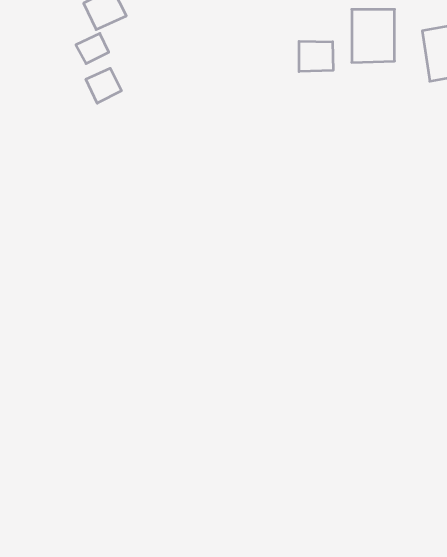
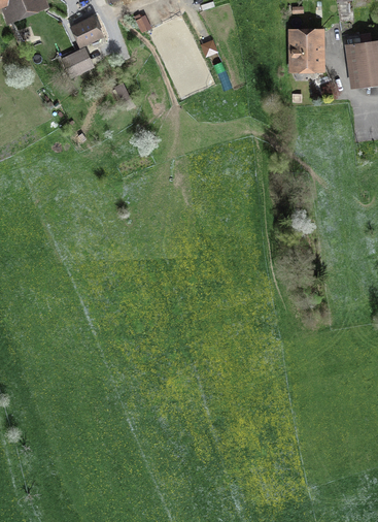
building: [299,41,333,72] -> none
building: [86,68,121,103] -> none

